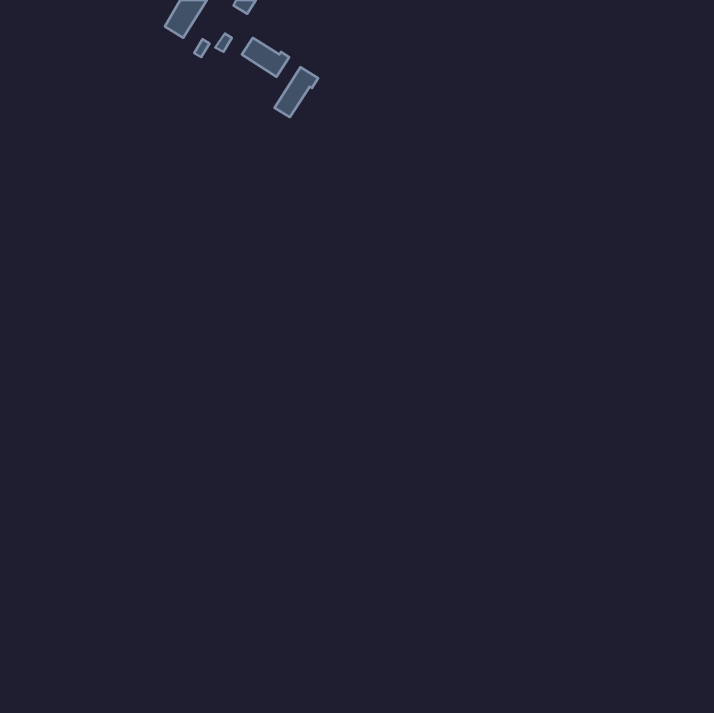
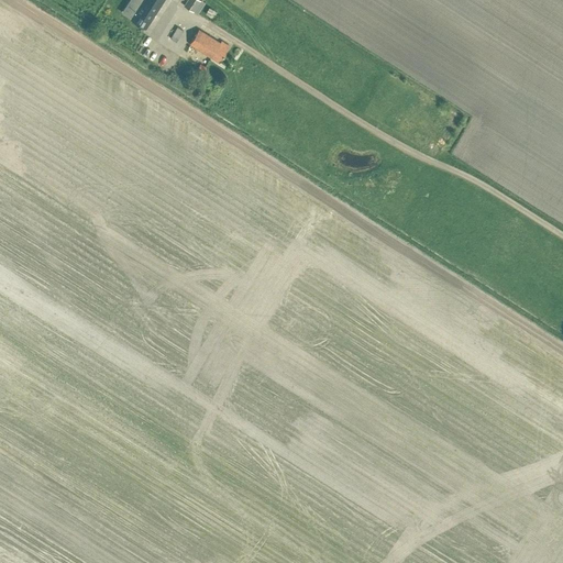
building: [275,67,318,117] -> none

